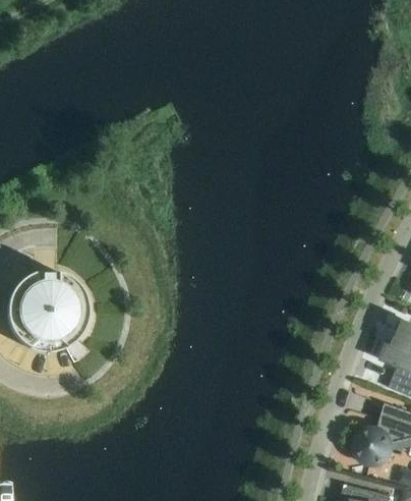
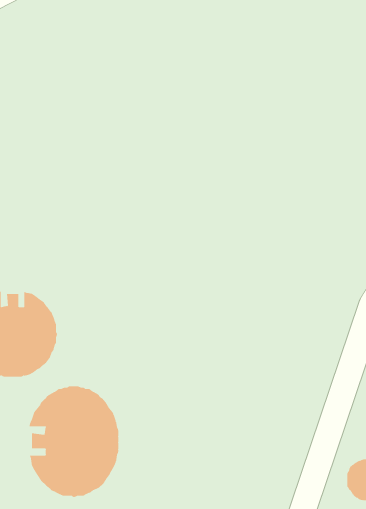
building: none -> [29,385,119,498]

